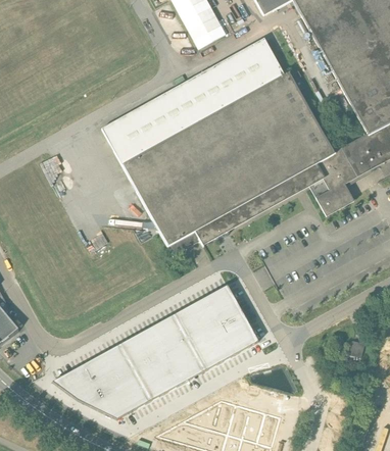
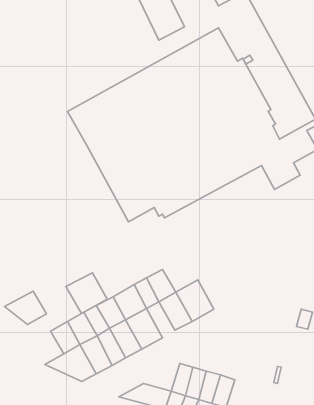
building: [203,284,241,321] -> none
building: none -> [66,273,107,313]
building: [186,332,216,370] -> none
building: [52,363,97,399] -> [5,291,46,324]
building: [183,398,222,428] -> none

